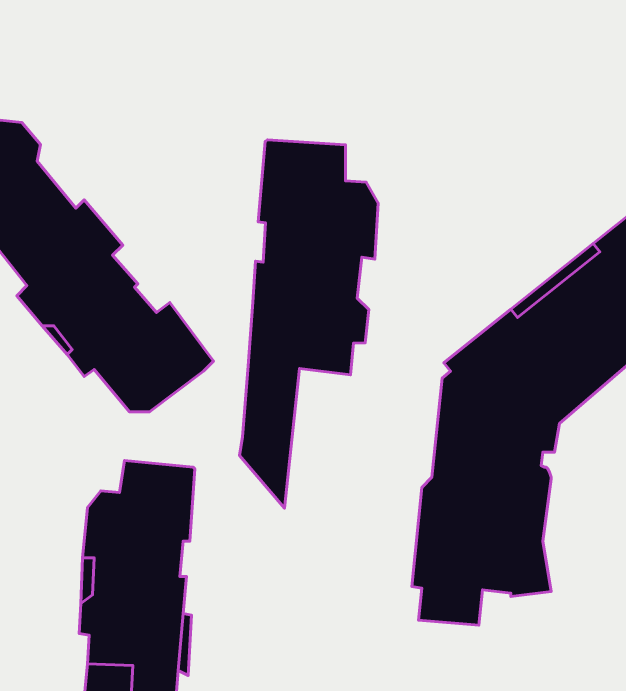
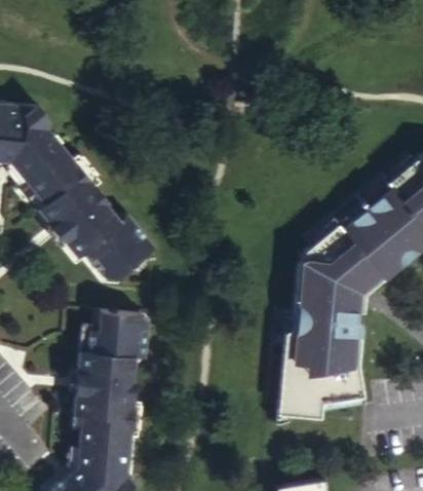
building: [239,140,378,508] -> none

